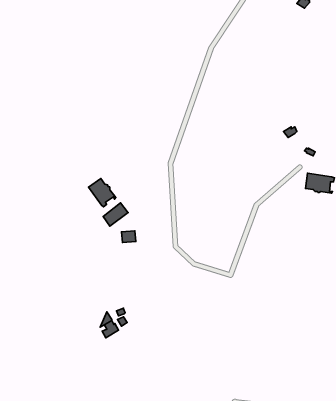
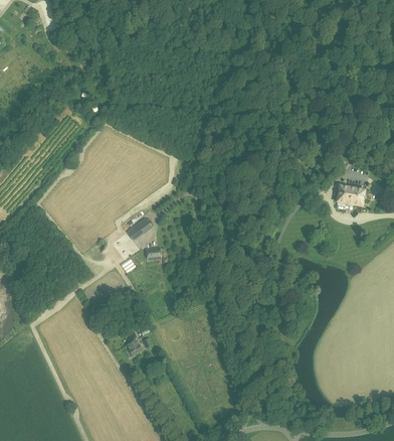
building: [88,178,116,207] -> none

